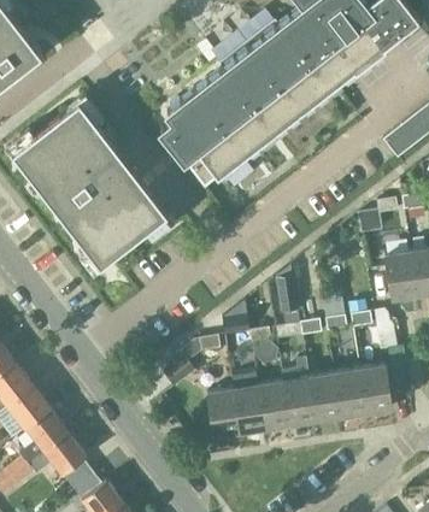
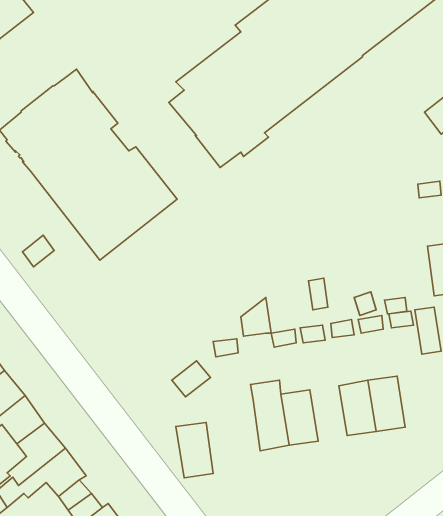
building: [358,366,390,414] -> none
building: [282,378,315,426] -> none
building: [206,390,239,439] -> [176,422,213,478]

